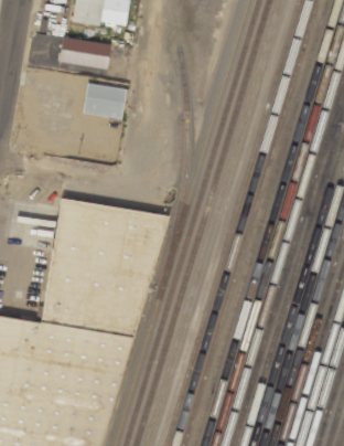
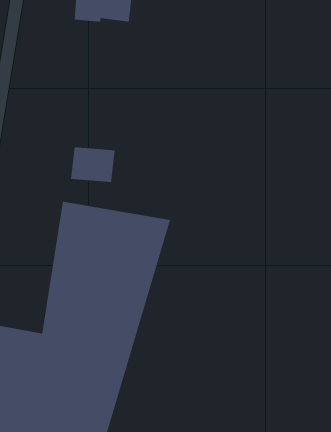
building: [58,36,111,70] -> none
building: [83,84,126,118] -> [70,147,115,183]

